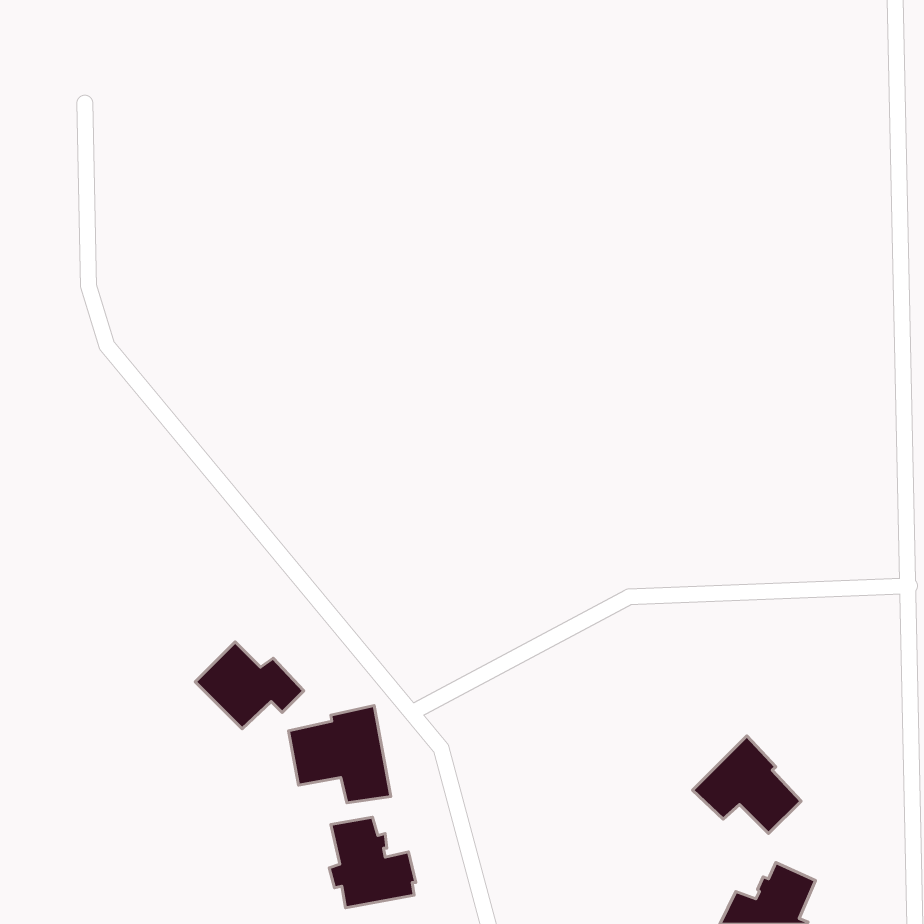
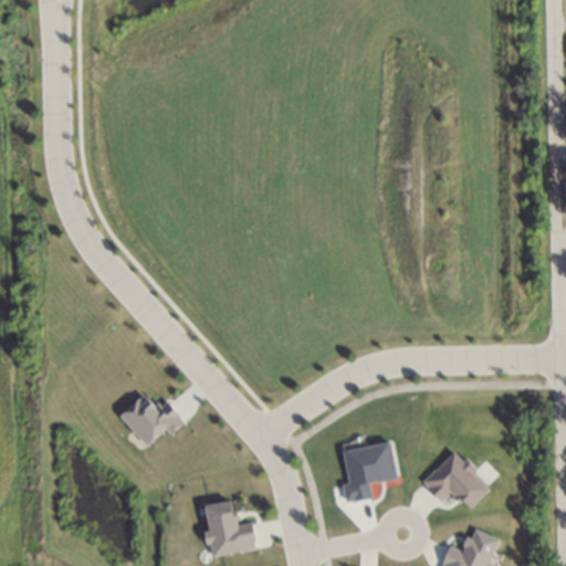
building: [289,706,391,803] -> none
building: none -> [343,442,398,503]

